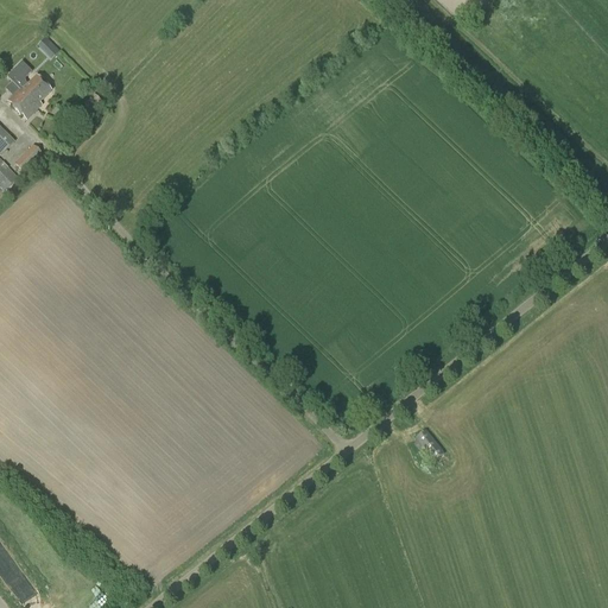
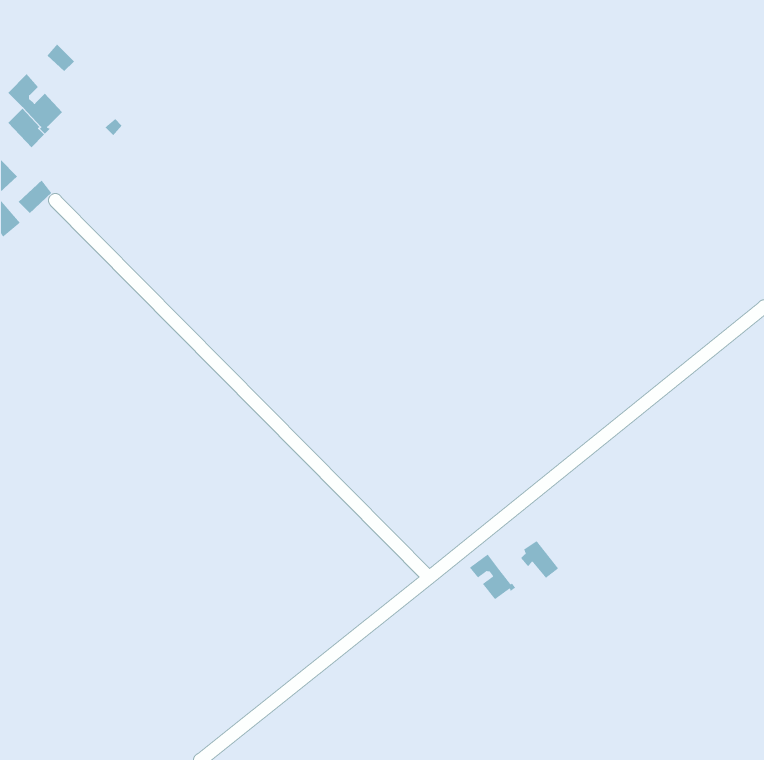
building: none -> [469,553,516,600]

